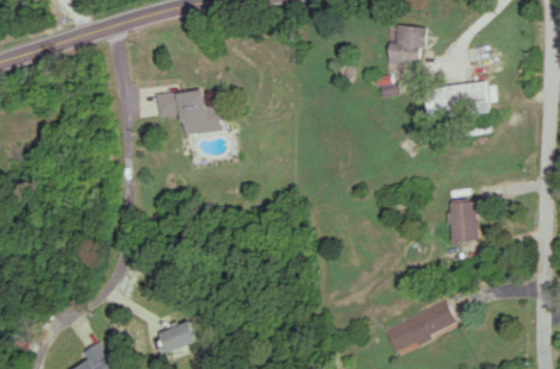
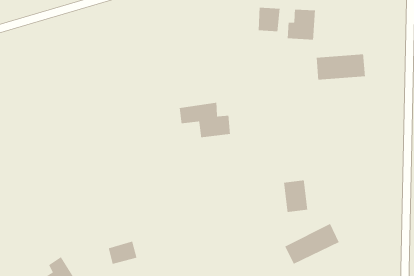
building: none -> [258,7,280,32]
building: [154,88,220,135] -> [179,102,231,138]
building: [447,200,479,243] -> [283,179,308,213]

